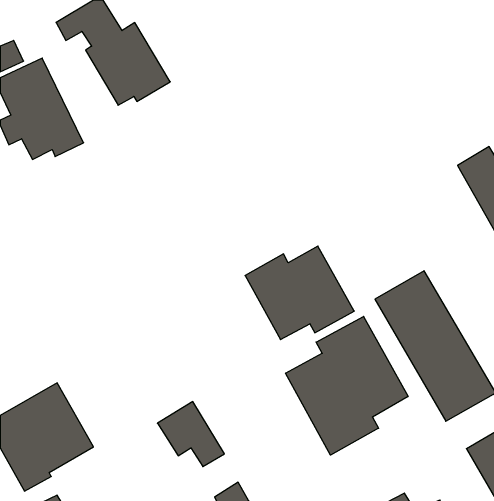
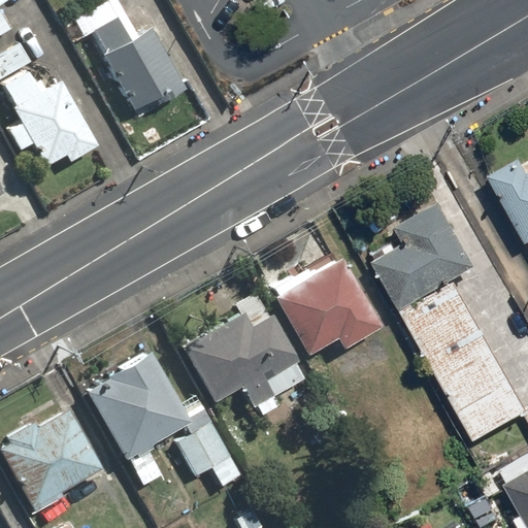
building: none -> [371,201,481,316]
building: none -> [174,292,307,417]
building: [286,316,408,455] -> none
building: none -> [81,351,192,461]

